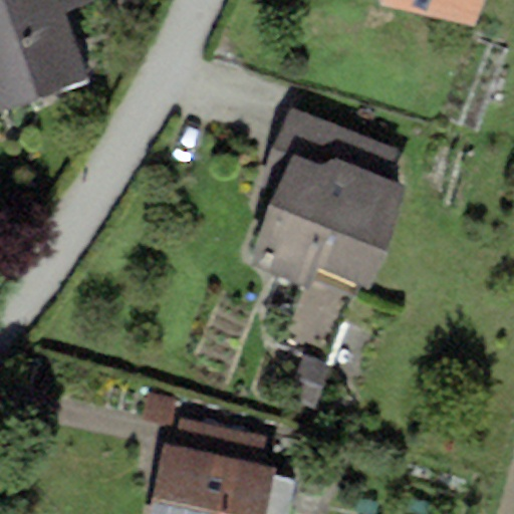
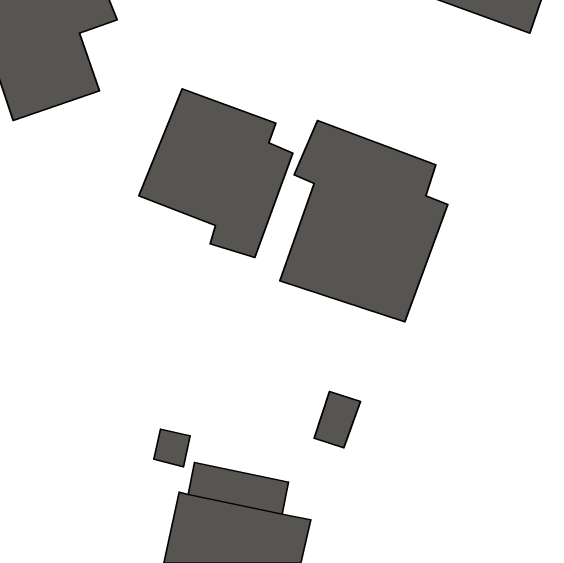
building: none -> [139,89,293,258]

